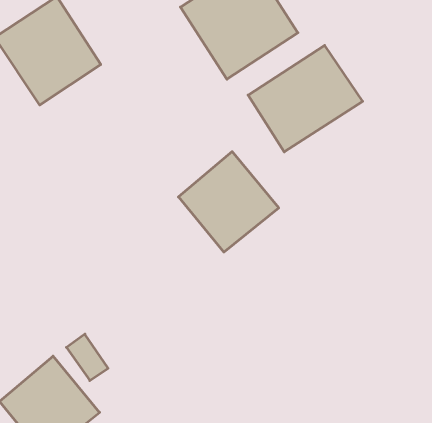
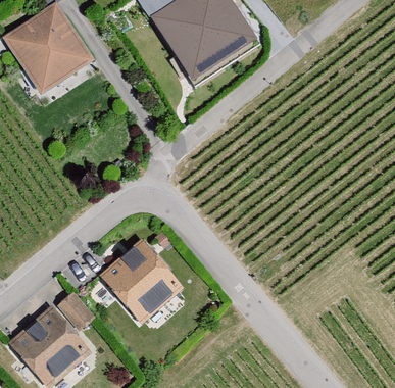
building: [248,45,363,152] -> none
building: [178,152,279,252] -> [99,237,183,321]

